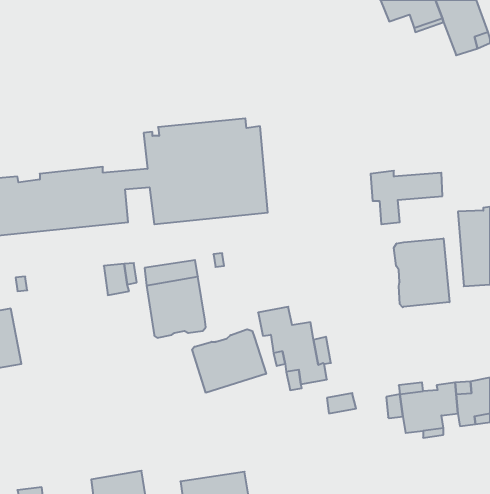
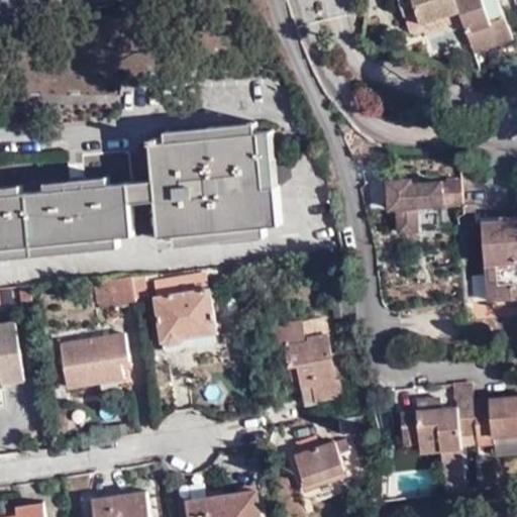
building: [394,238,449,307] -> none
building: none -> [60,335,127,389]
building: [192,329,266,393] -> none
building: none -> [295,437,343,487]

